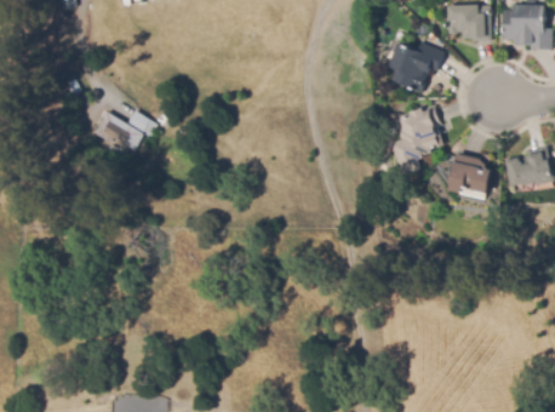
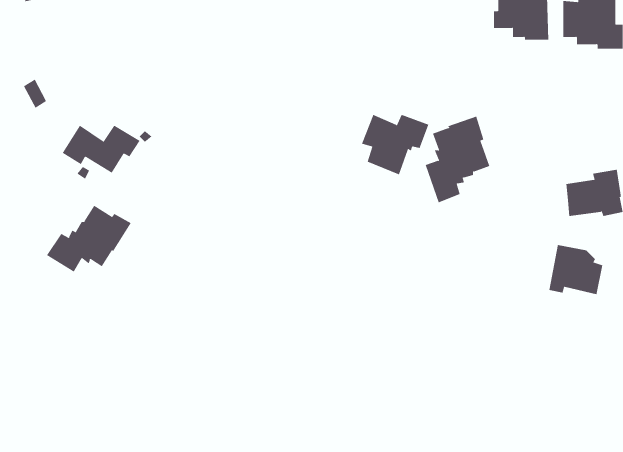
building: [388,42,444,92] -> [361,114,429,175]
building: [447,153,492,194] -> [548,244,603,295]
building: none -> [46,205,131,272]

